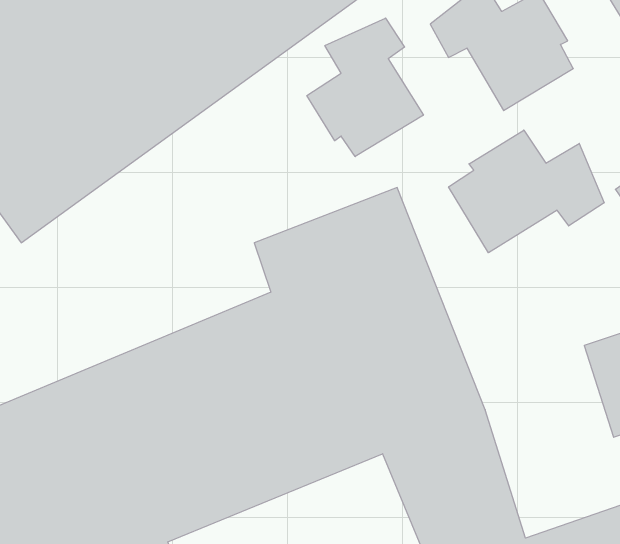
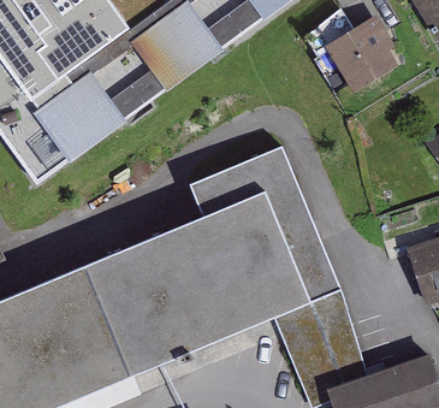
building: [307,18,423,157] -> none
building: [449,130,604,253] -> none

